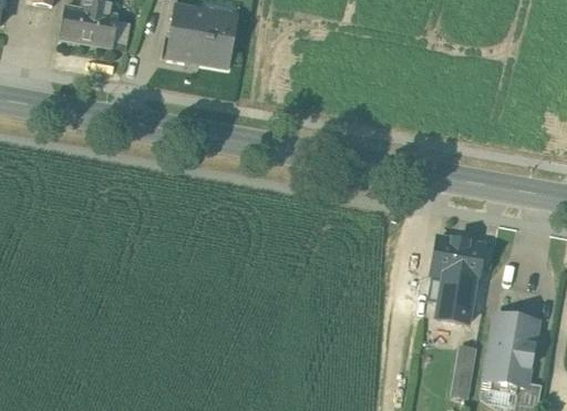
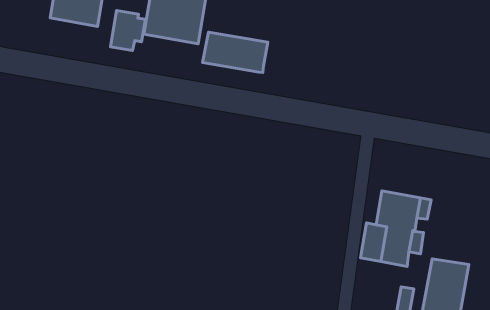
building: none -> [111,10,146,51]
building: none -> [203,32,268,73]

